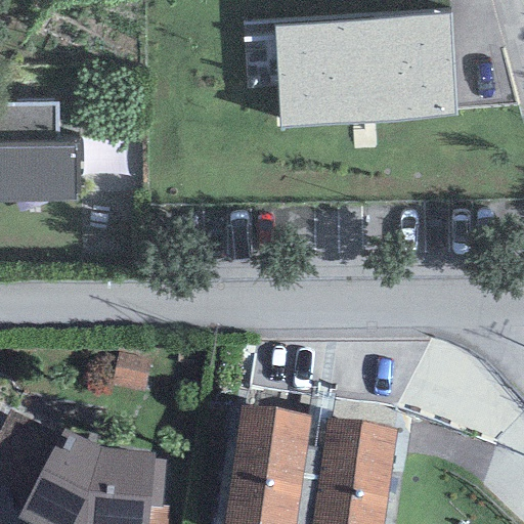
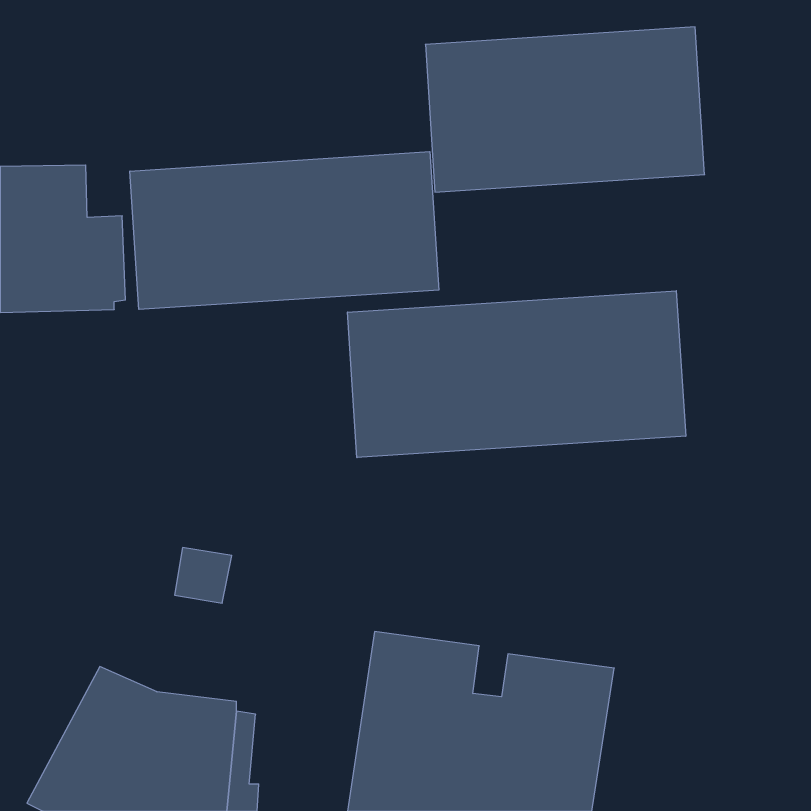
building: none -> [130,152,439,309]
building: none -> [348,291,686,458]

